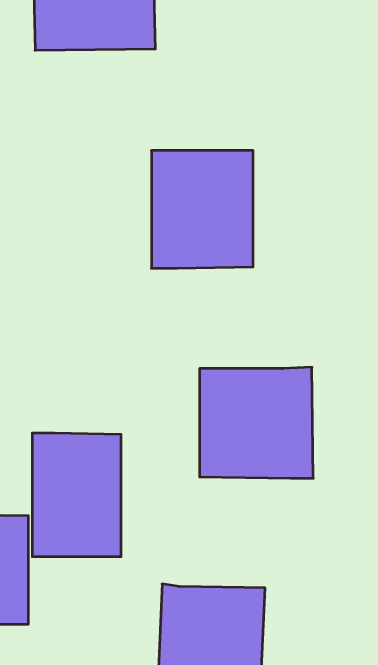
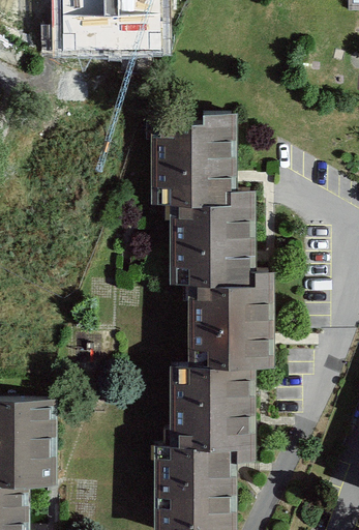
building: none -> [169,210,251,290]
building: [32,433,121,557] -> none
building: none -> [172,374,258,461]

